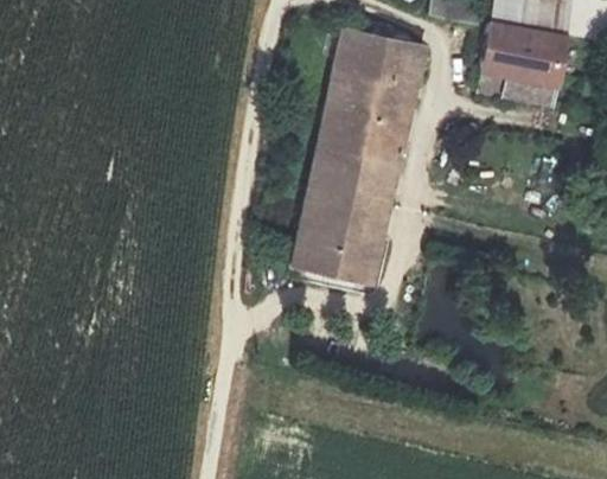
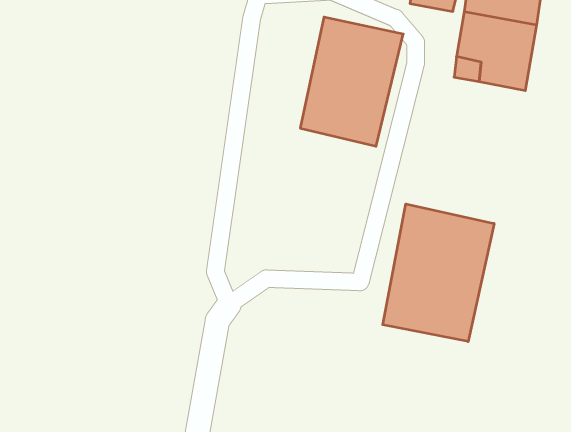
building: [292,145,398,283] -> none
building: none -> [383,204,494,342]

